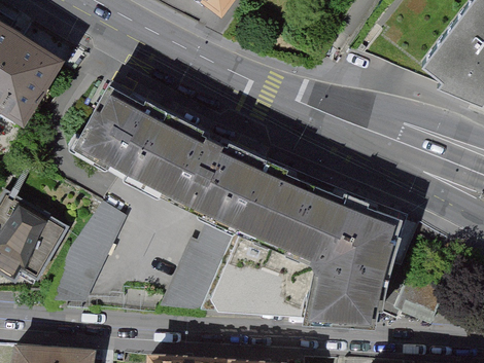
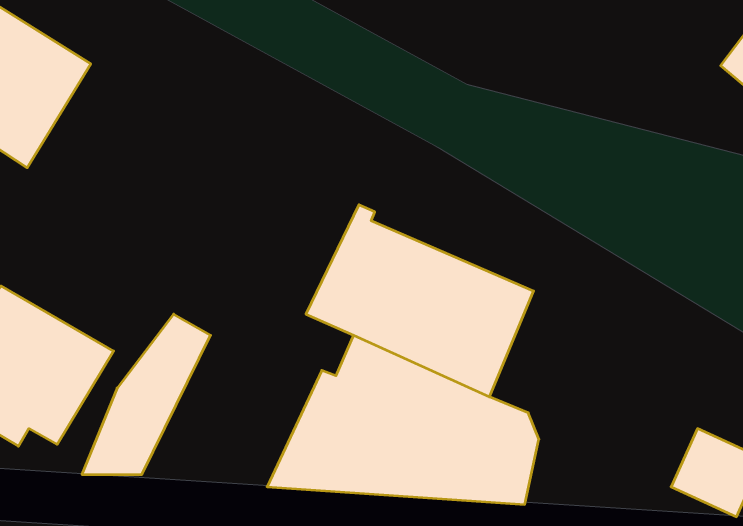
building: [74,88,214,203] -> none
building: [290,189,400,315] -> none

